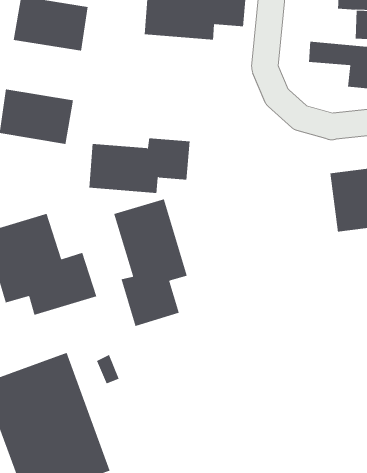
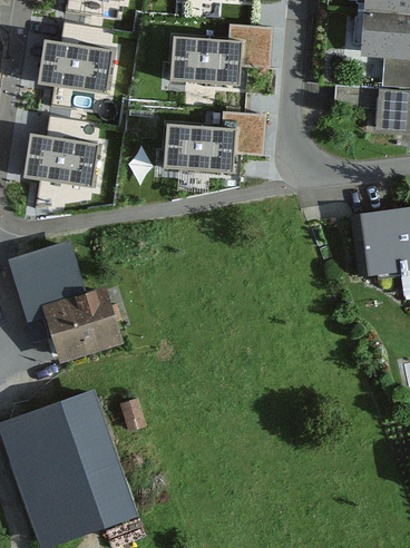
building: [88,138,191,193] -> [163,112,265,168]
building: [114,198,188,327] -> none

